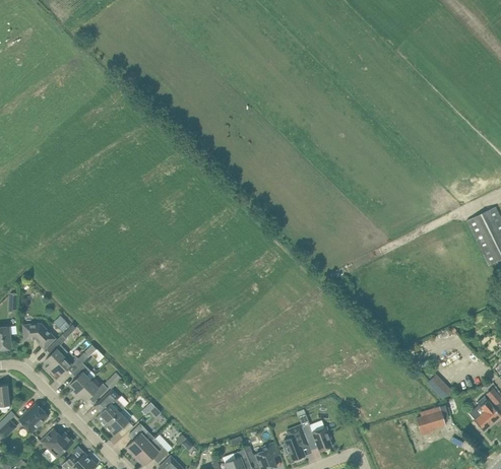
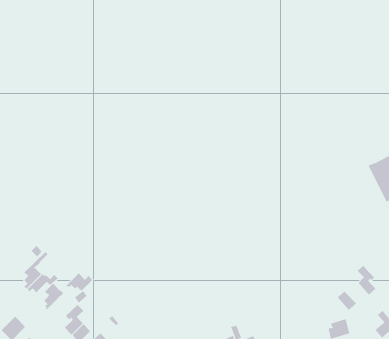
building: [22,323,56,349] -> none
building: none -> [357,265,376,295]
building: [74,380,108,403] -> [66,272,93,292]

